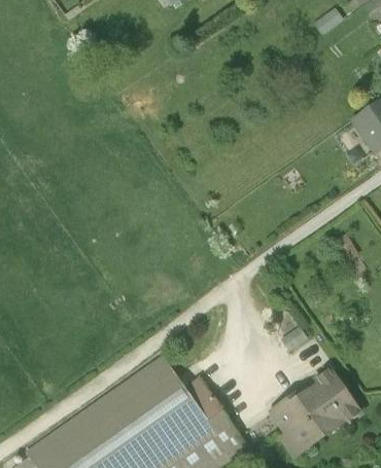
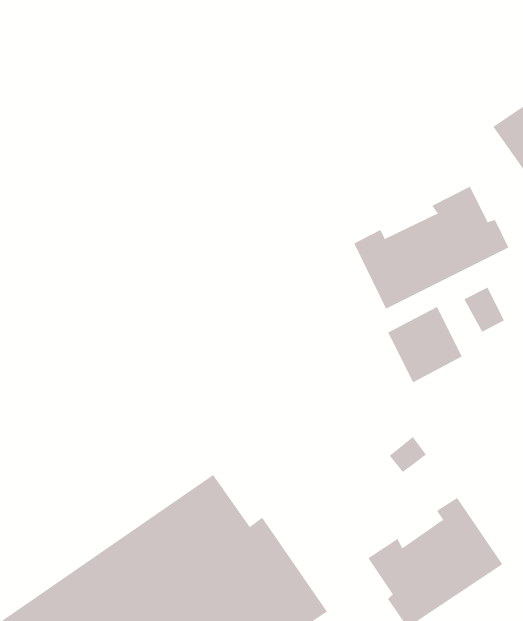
building: none -> [354,186,509,310]
building: none -> [387,306,463,383]

